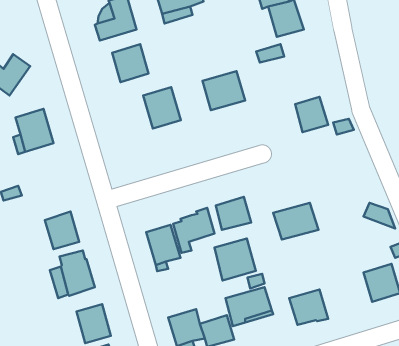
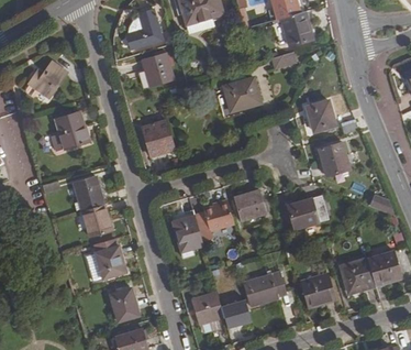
building: [143,87,181,129] -> [141,119,175,156]
building: none -> [318,141,349,176]
building: none -> [73,175,103,210]
building: [215,239,256,280] -> none
building: none -> [340,258,375,293]

